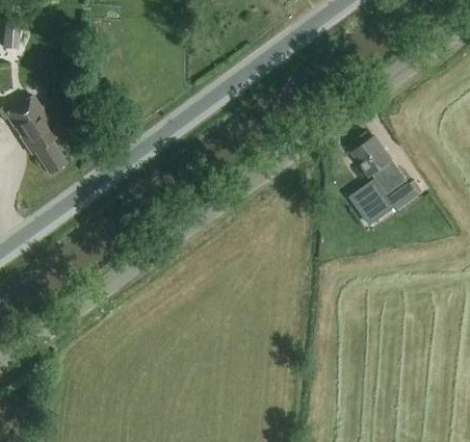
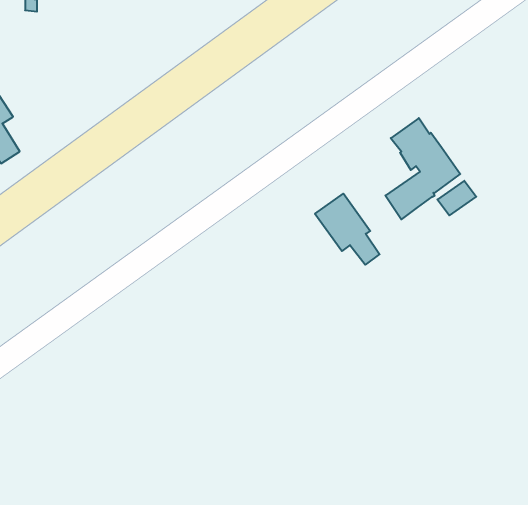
building: none -> [315,194,380,265]

